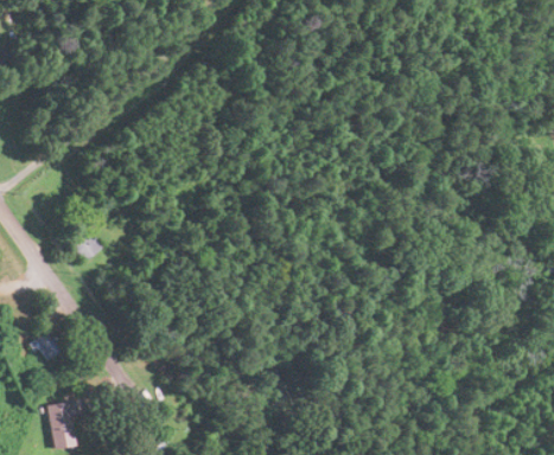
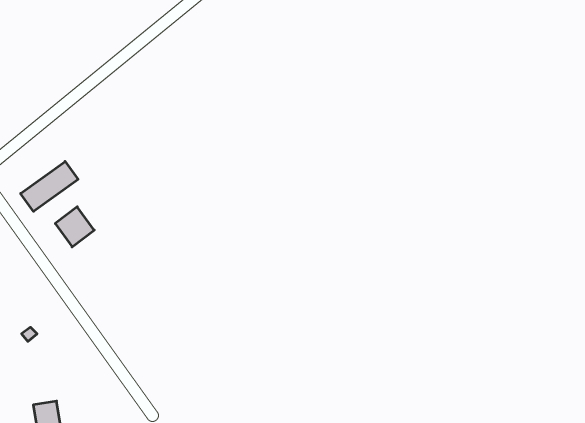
building: none -> [21,161,78,211]

